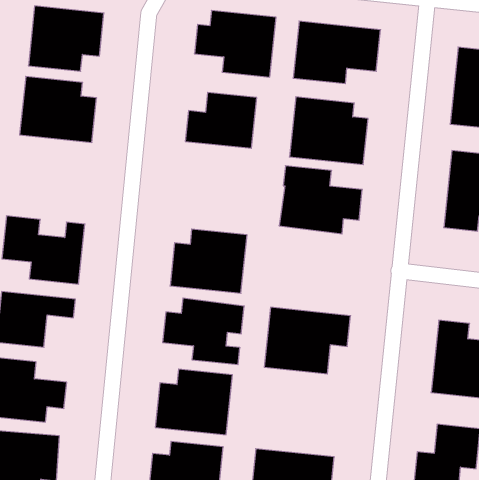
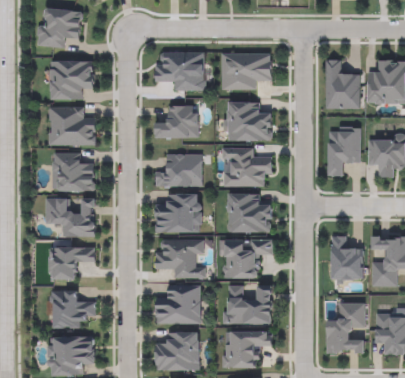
building: none -> [53,152,95,191]
building: none -> [156,154,203,186]
building: none -> [227,193,271,232]
building: none -> [223,285,274,324]

